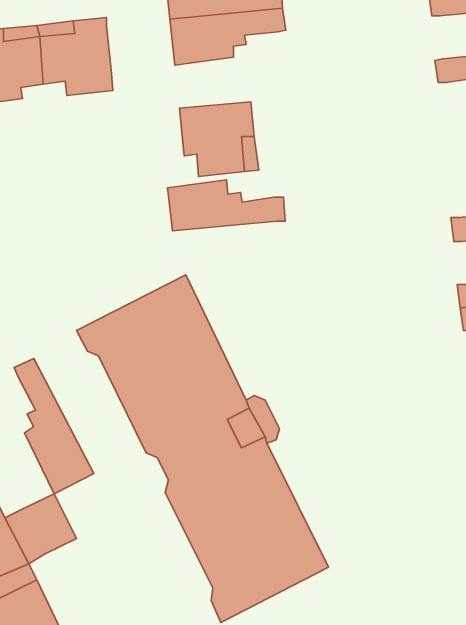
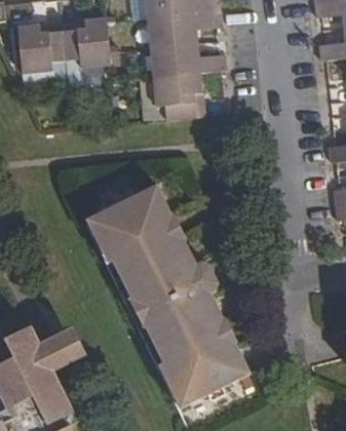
building: [168,180,285,231] -> [150,43,226,76]
building: [14,359,94,494] -> none

